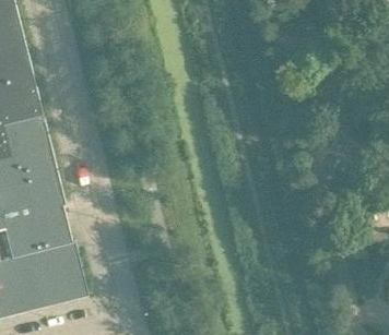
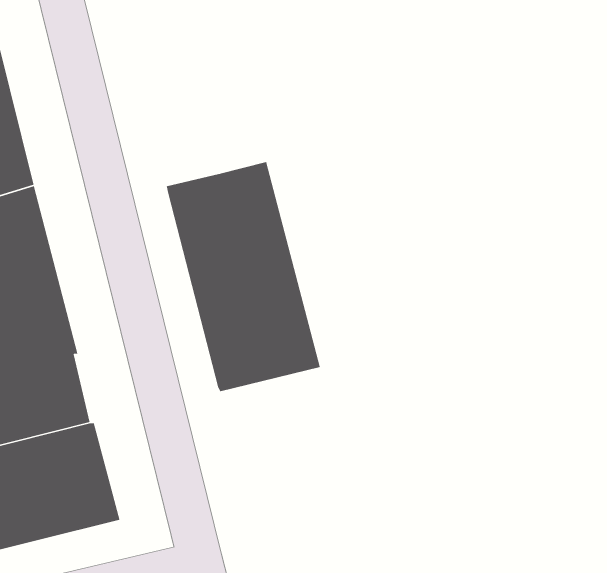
building: none -> [166,161,321,392]

